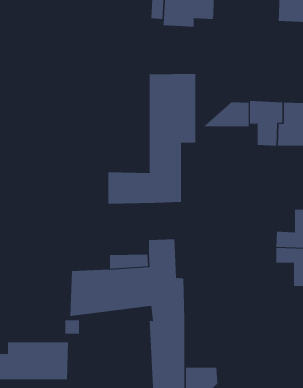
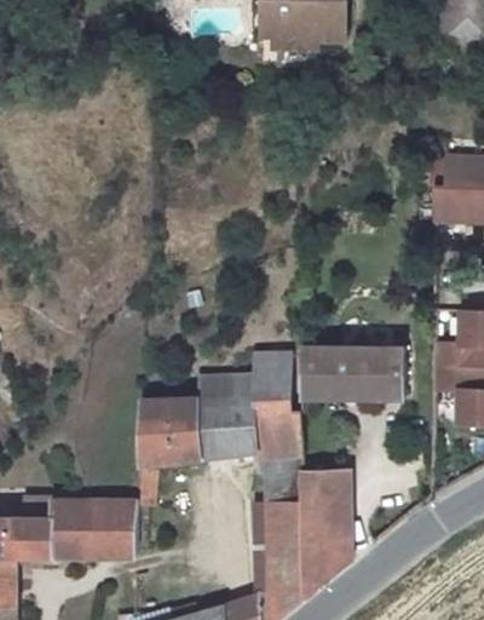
building: [108,73,196,204] -> none
building: [203,101,249,127] -> none
building: none -> [301,346,405,396]
building: none -> [305,470,351,538]

